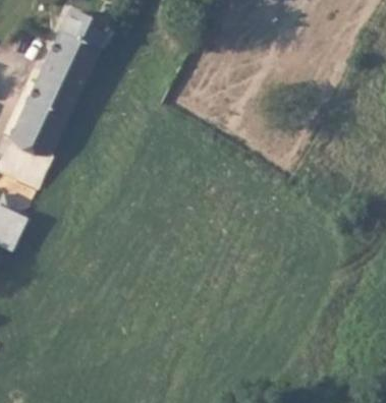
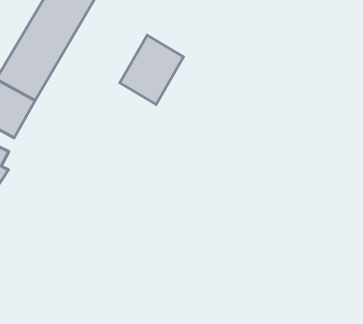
building: none -> [120,35,184,105]

